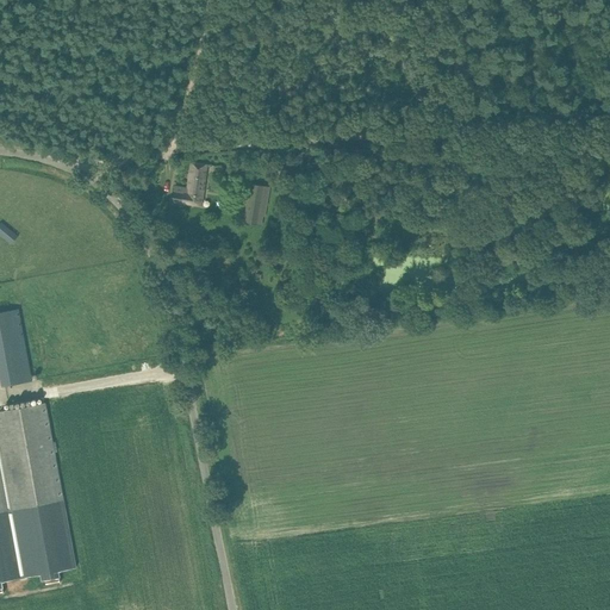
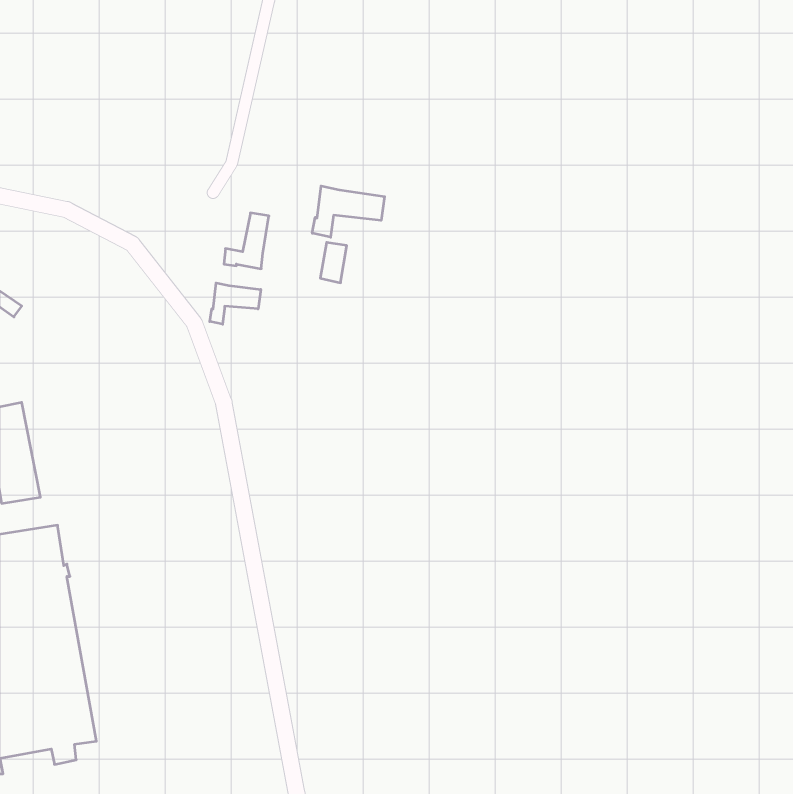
building: none -> [312,186,385,237]
building: none -> [210,283,261,324]

